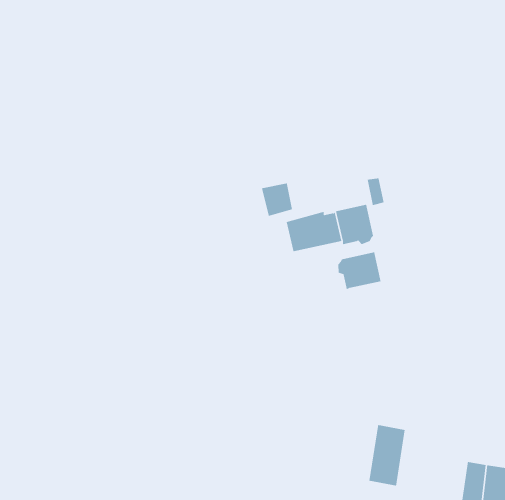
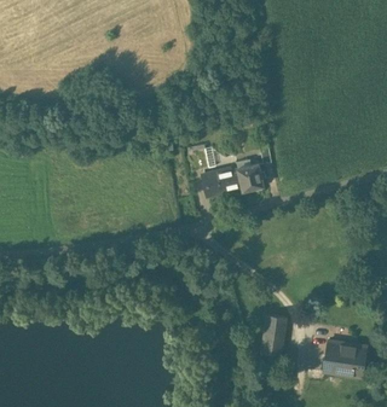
building: [338,252,381,290] -> none

